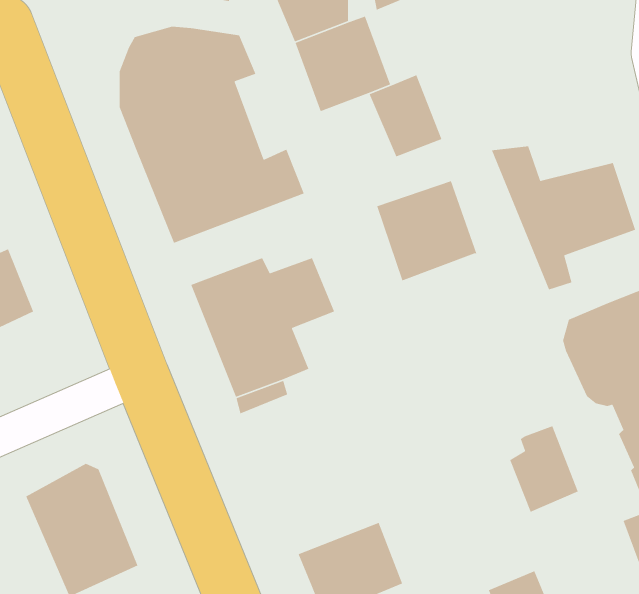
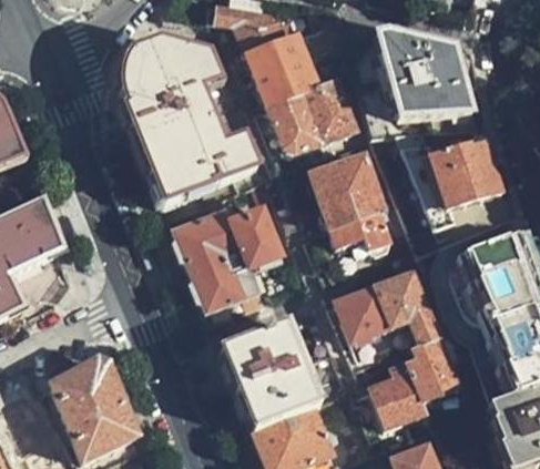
building: none -> [373,33,468,121]
building: none -> [268,91,324,153]
building: none -> [328,208,391,253]
building: none -> [337,271,439,341]
building: none -> [218,320,319,428]
building: none -> [369,359,428,427]

